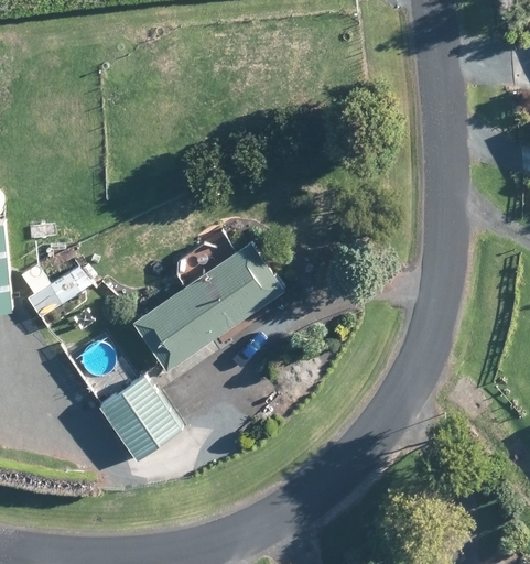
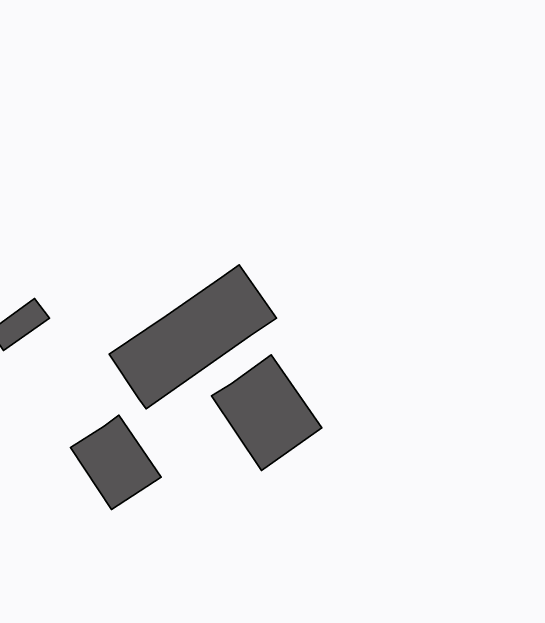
building: none -> [211,355,322,470]

